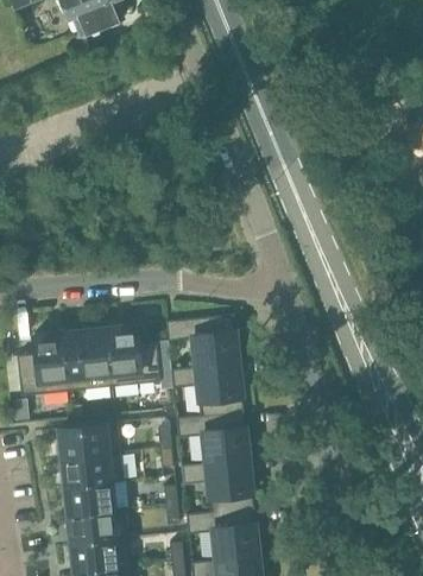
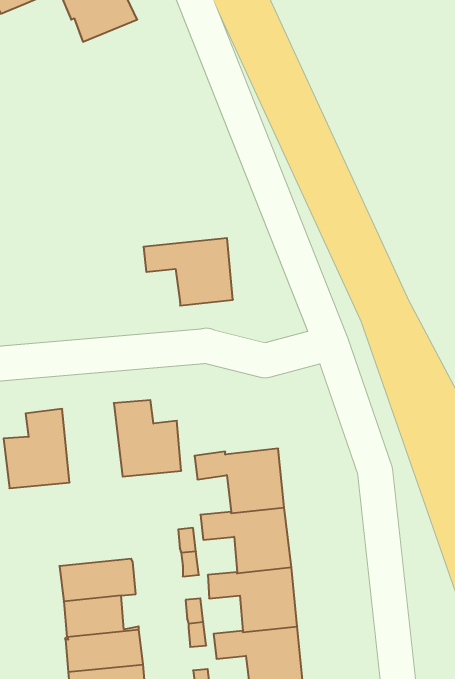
building: [166,315,239,369] -> [143,238,233,306]
building: [64,328,113,392] -> none
building: [59,424,120,460] -> none

